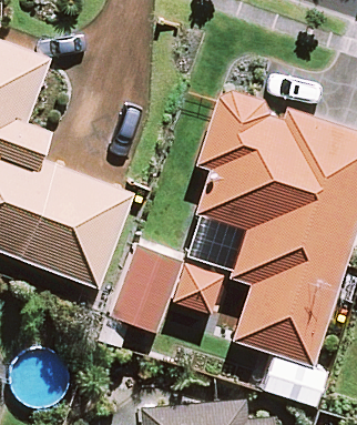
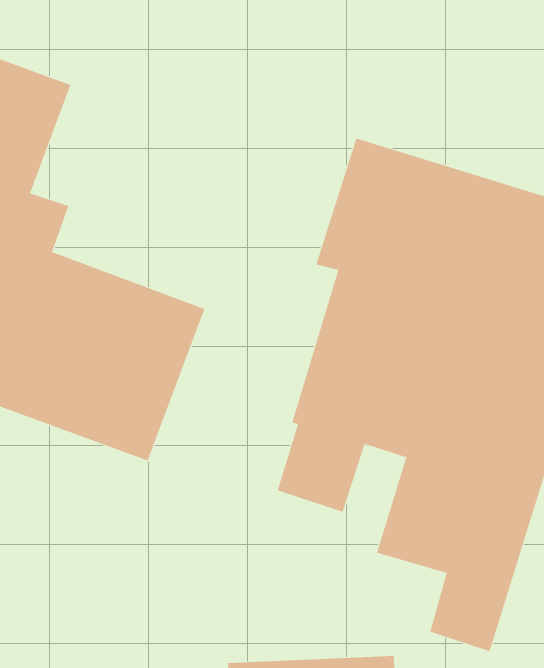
building: [105,240,179,334] -> none

